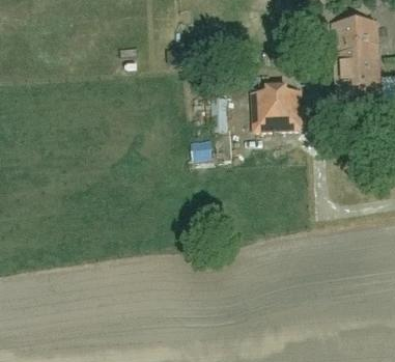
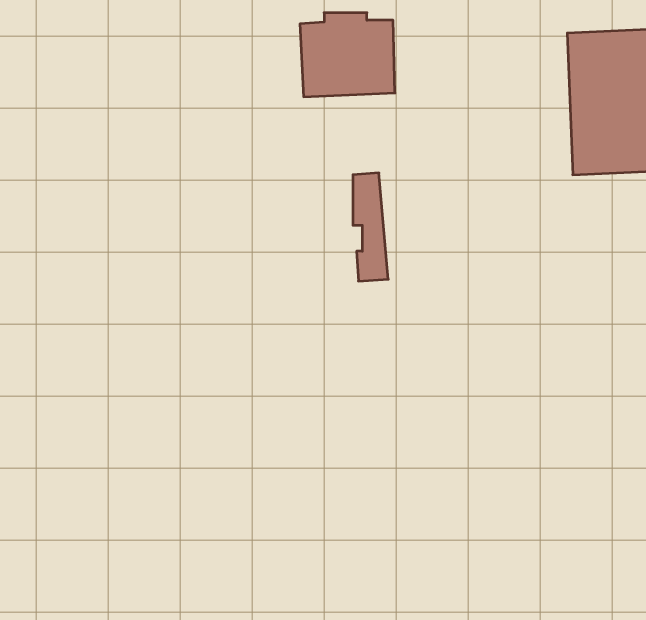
building: [250,84,303,131] -> [300,13,395,97]

